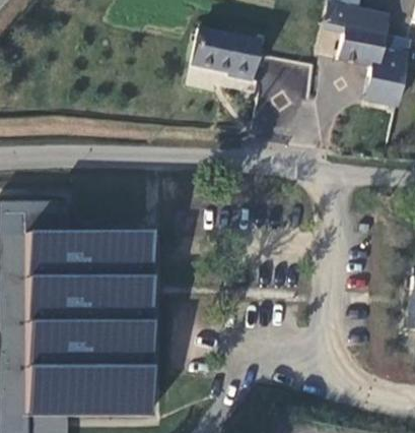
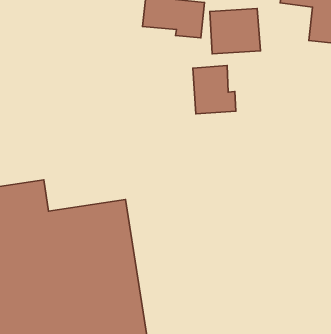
building: none -> [193,65,236,114]

